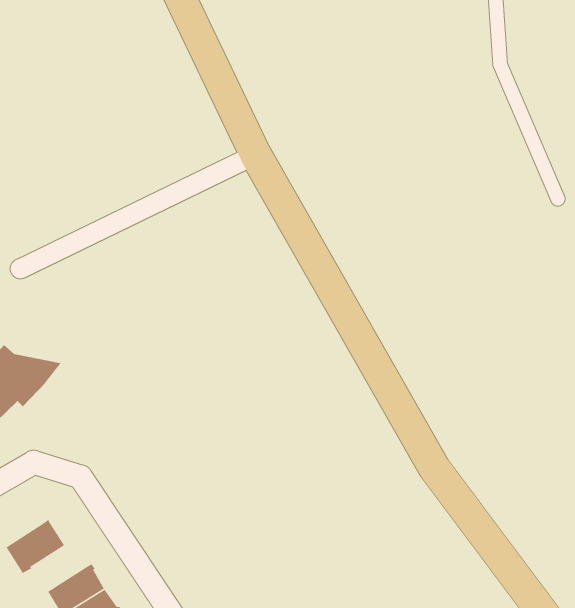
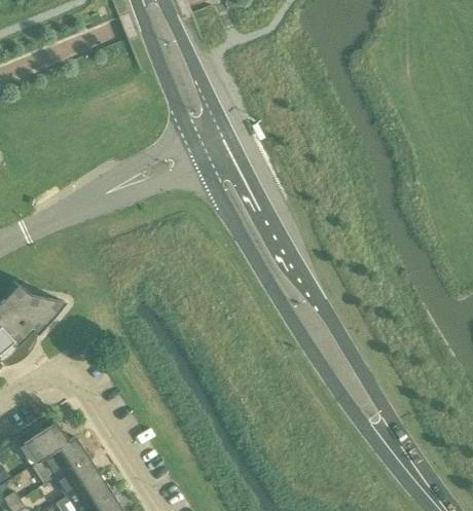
building: none -> [31,436,87,483]

